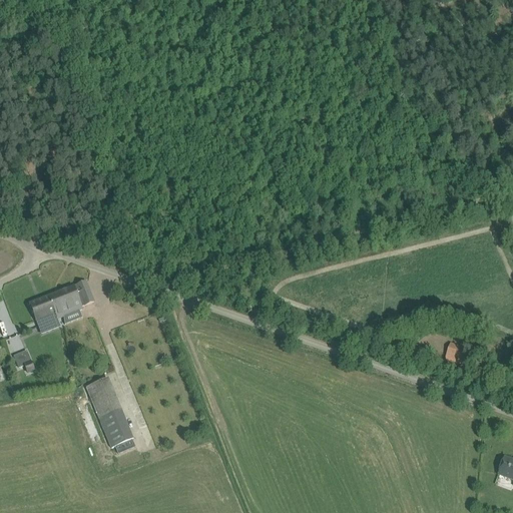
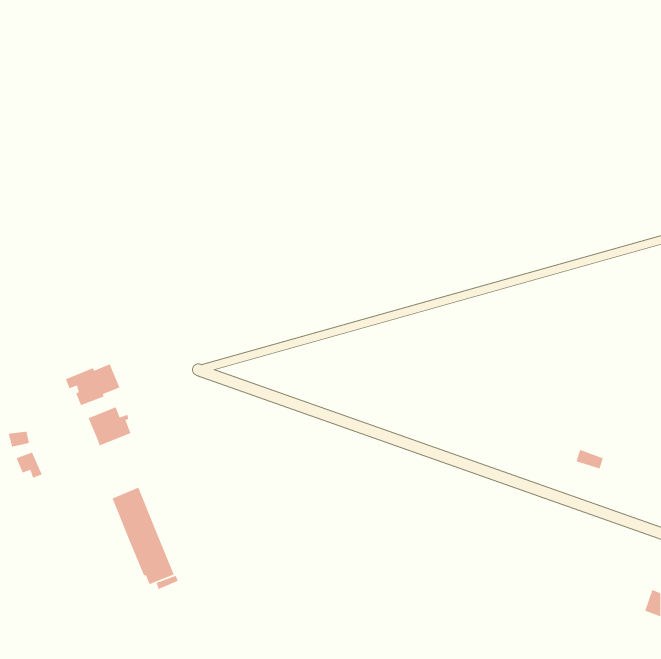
building: [28,293,62,324] -> [88,406,132,446]

